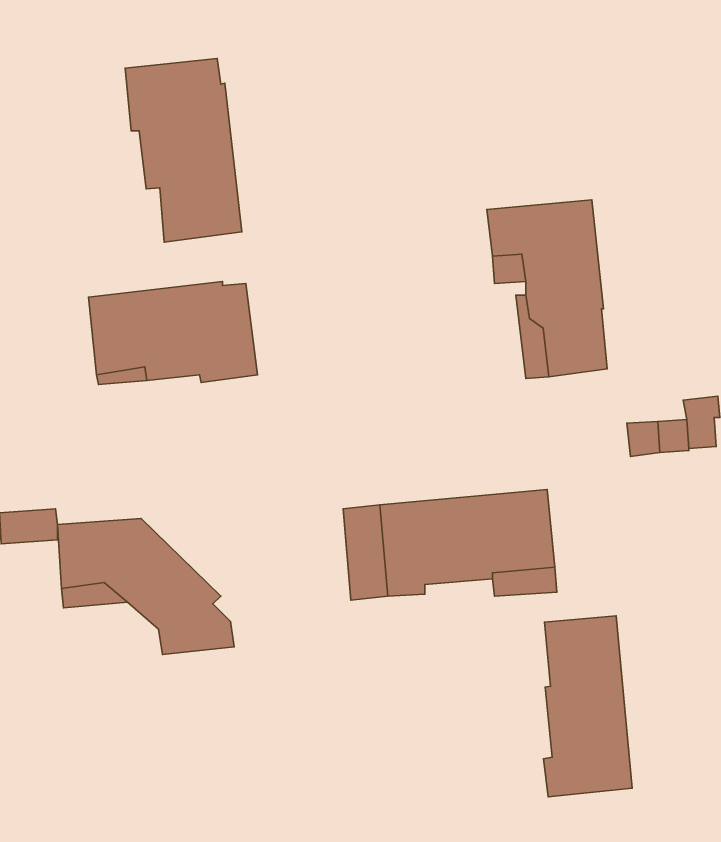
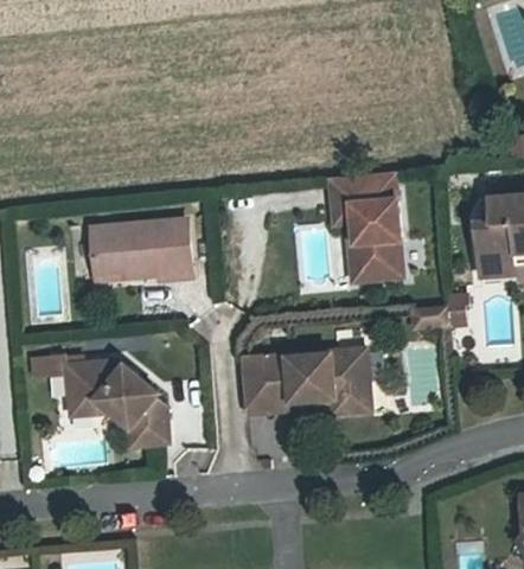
building: [125,59,242,242] -> none
building: [543,616,632,797] -> none

